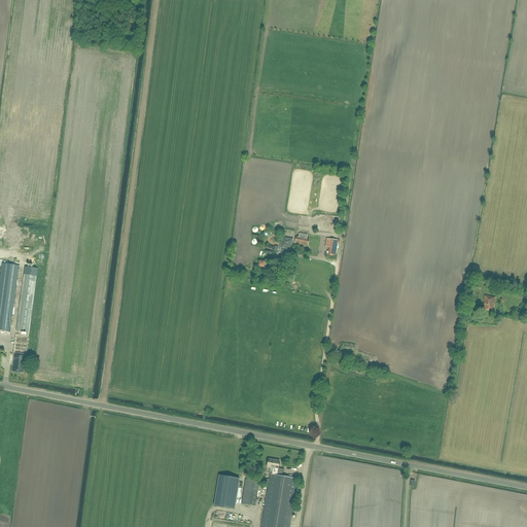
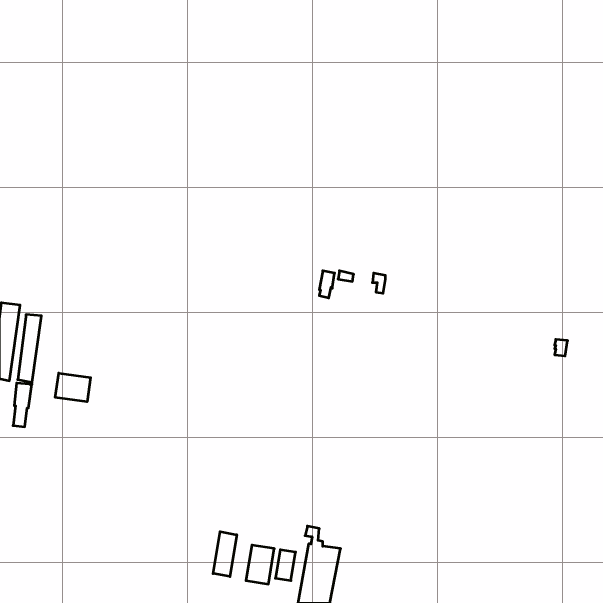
building: none -> [55,373,91,402]
building: none -> [213,532,237,577]

